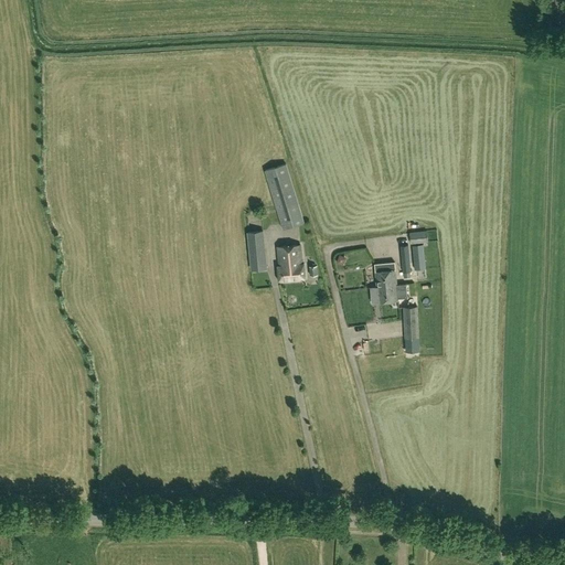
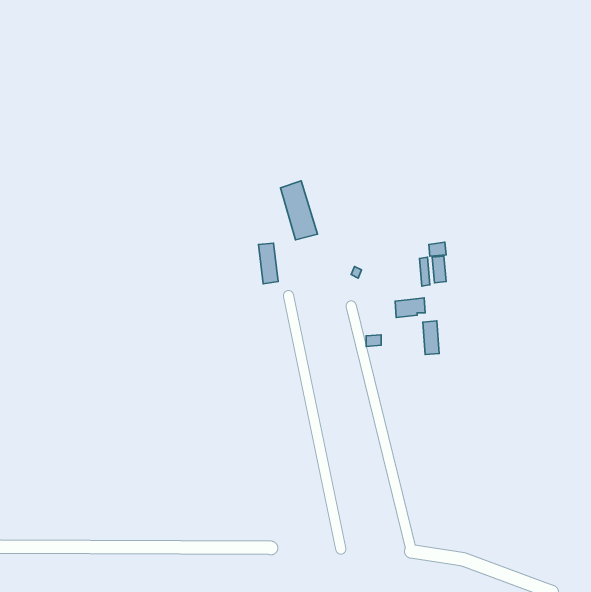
building: [276,244,305,281] -> none
building: [374,263,396,287] -> none

